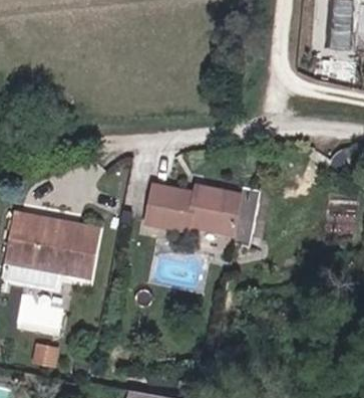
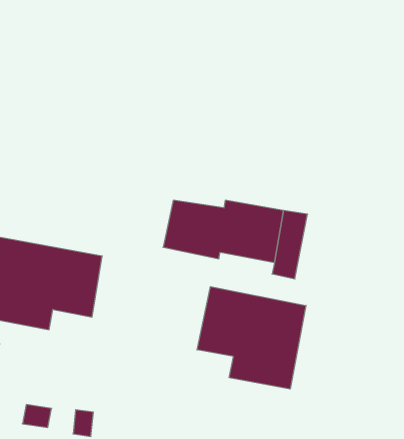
building: none -> [197,287,306,389]

